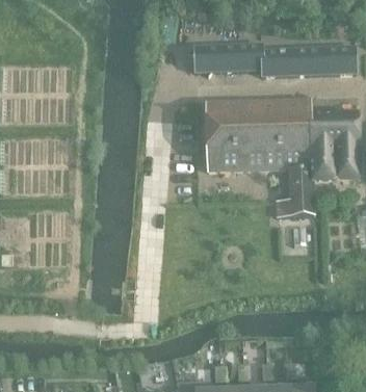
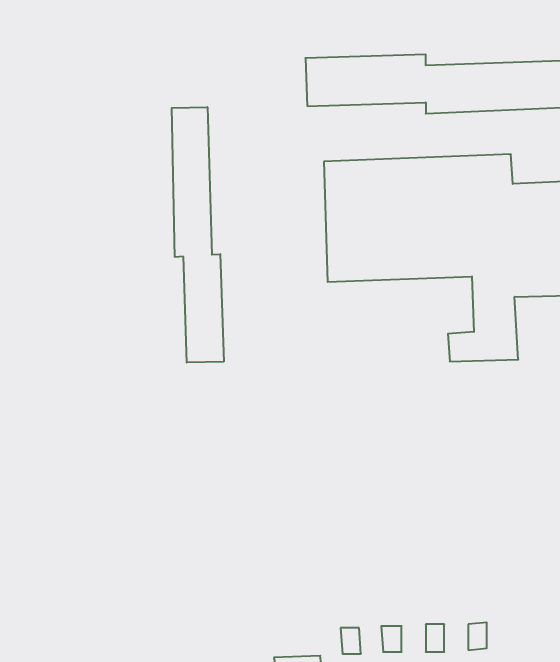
building: none -> [172,107,224,363]

